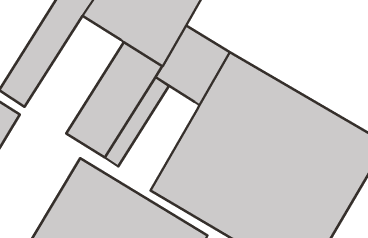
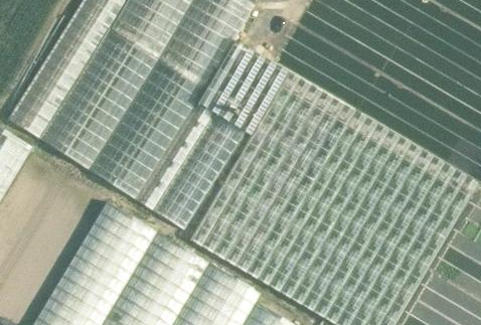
building: none -> [39,28,156,169]
building: none -> [153,114,246,231]

